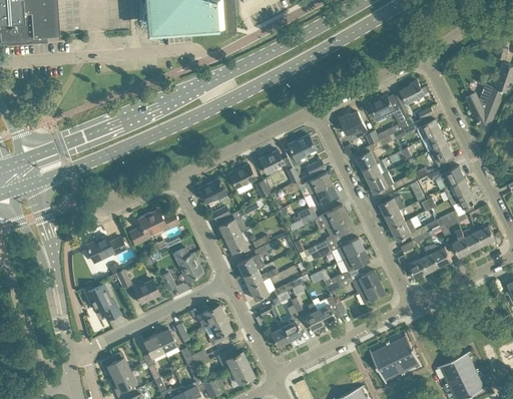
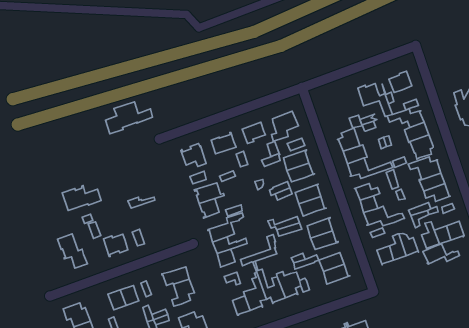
building: [341,111,368,136] -> none
building: [131,210,178,245] -> [105,102,153,134]
building: [174,248,203,280] -> none
building: none -> [423,244,460,264]

